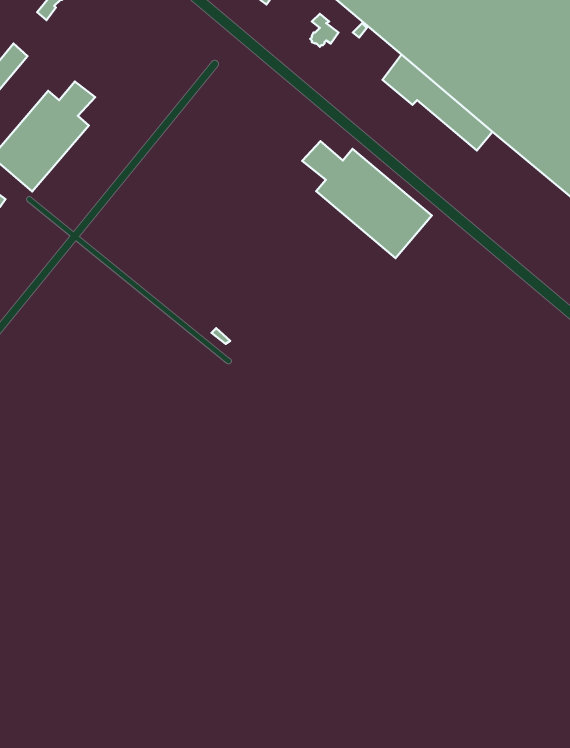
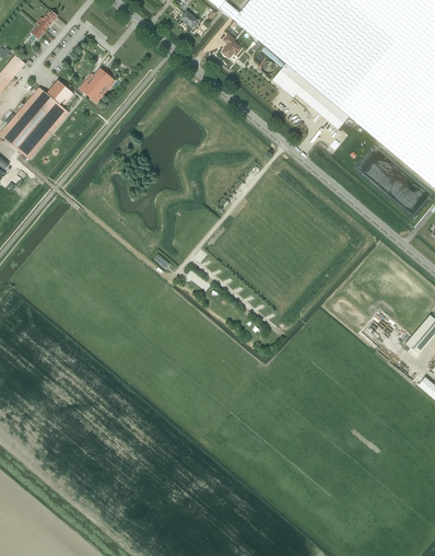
building: none -> [86,65,115,97]
building: [302,141,432,258] -> none

